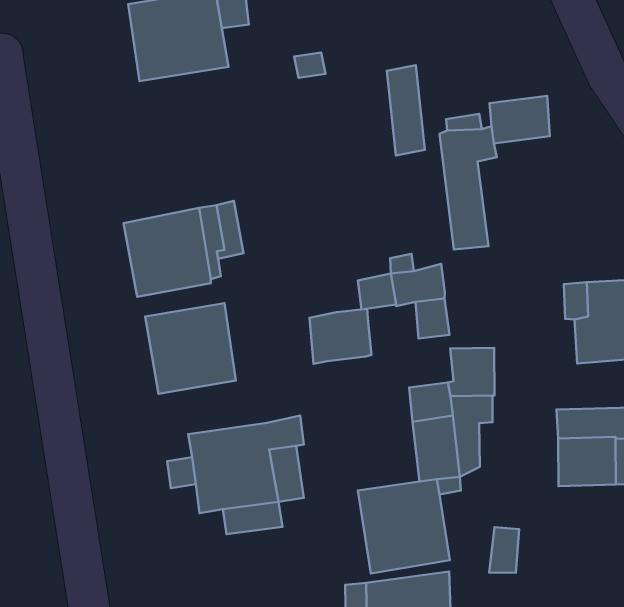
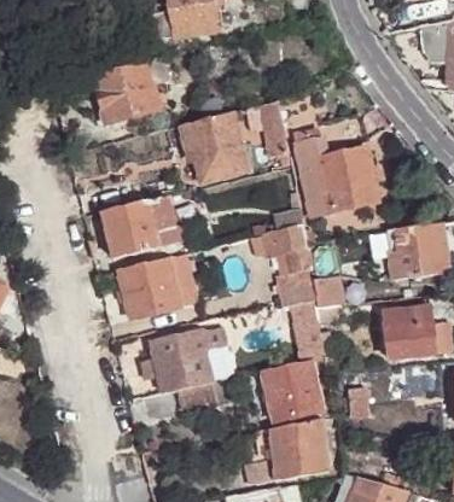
building: none -> [181,111,248,180]
building: none -> [321,146,378,210]
building: [309,309,372,364] -> [275,268,316,305]

